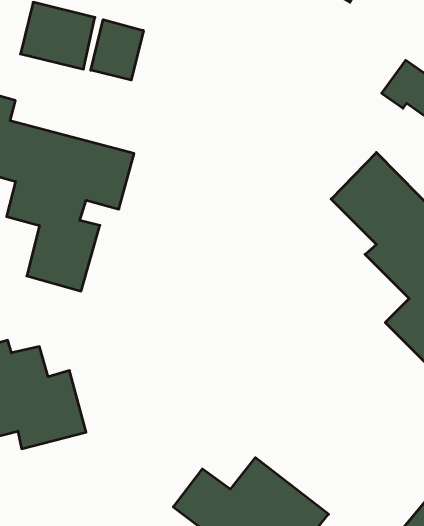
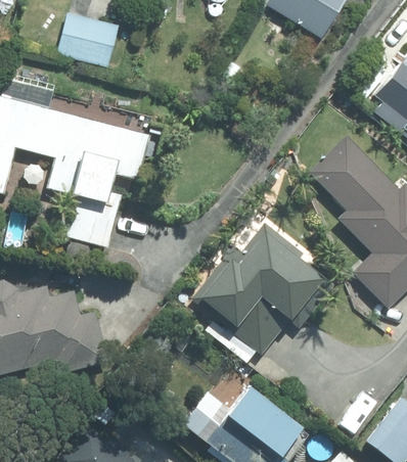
building: [91,20,143,80] -> none
building: none -> [192,225,333,356]

